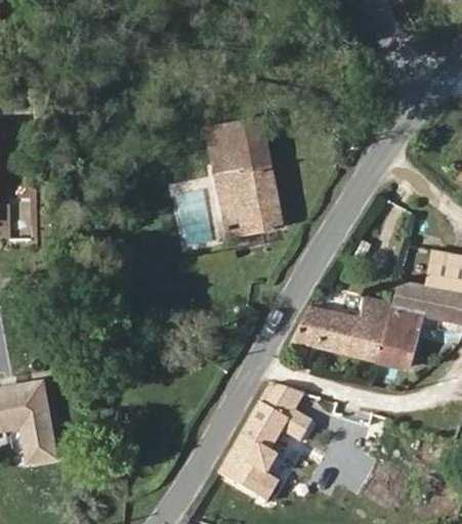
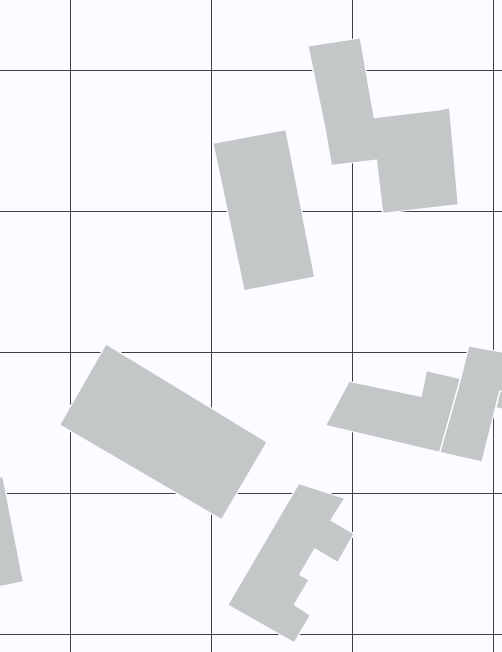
building: none -> [308,38,458,214]
building: none -> [59,344,267,520]

